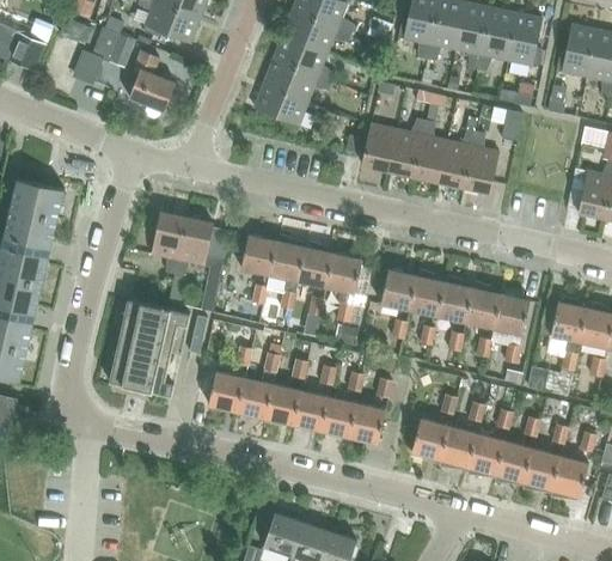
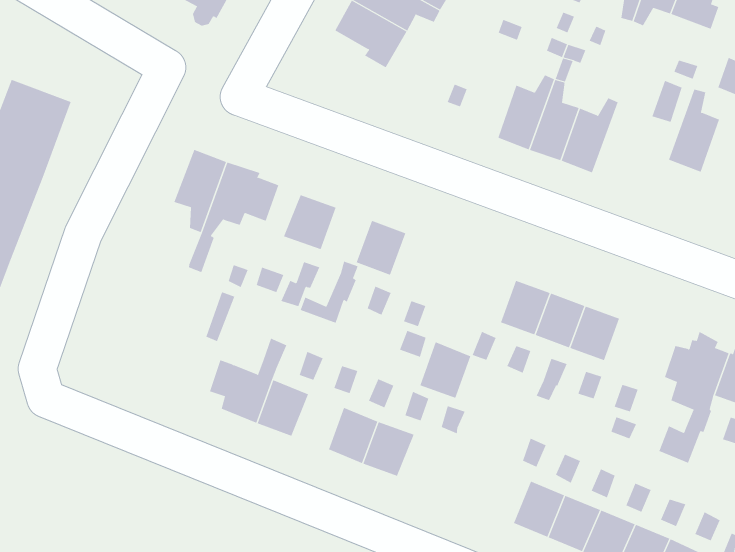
building: [362,123,397,171] -> none
building: [464,132,498,194] -> [668,89,720,173]
building: [268,240,302,280] -> none
building: [323,252,359,292] -> none
building: [381,269,417,310] -> [419,342,471,399]
building: [492,294,528,334] -> none
building: [110,299,180,394] -> none
building: [265,384,301,423] -> none
building: [349,403,385,443] -> none
building: [412,417,449,459] -> none

